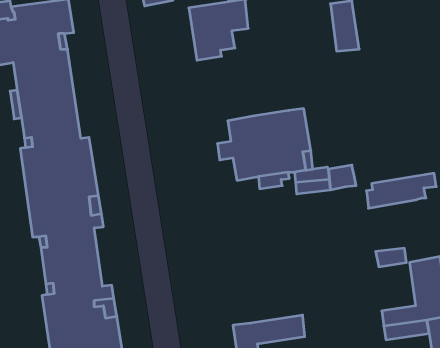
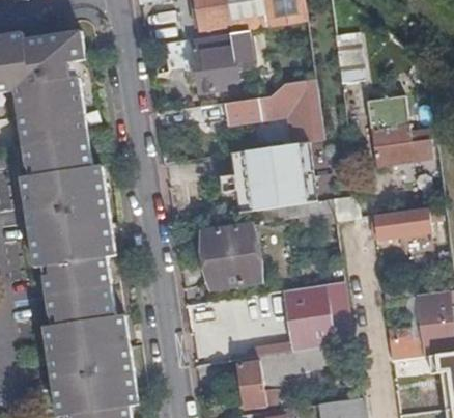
building: none -> [226,78,325,143]
building: none -> [368,96,438,167]
building: none -> [201,224,262,289]
building: none -> [254,282,353,358]

